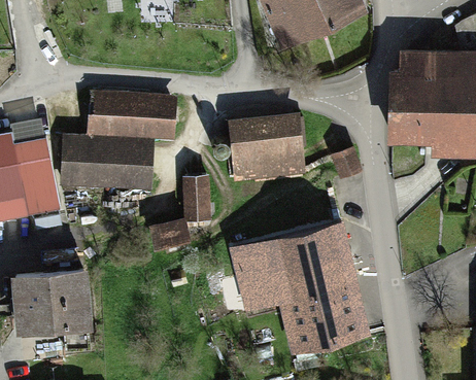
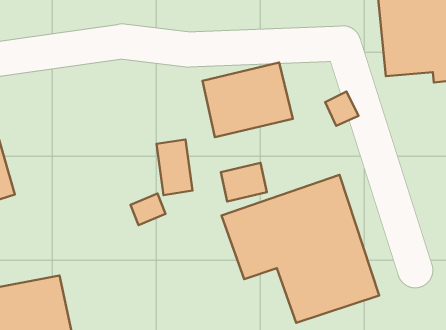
building: [61,98,174,191] -> none
building: none -> [221,163,267,202]

